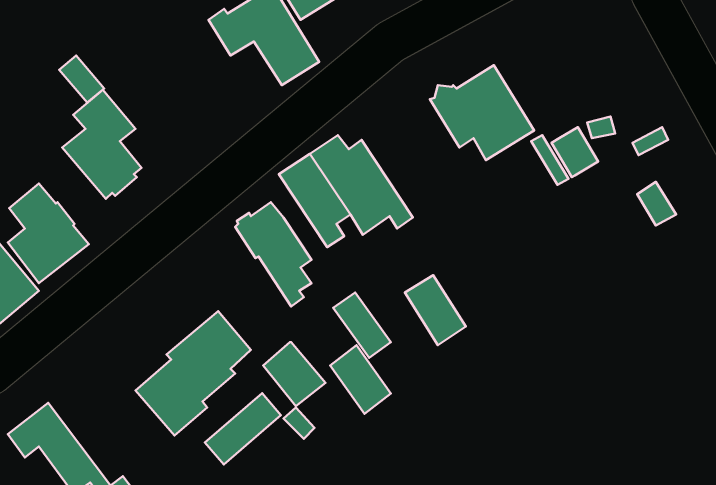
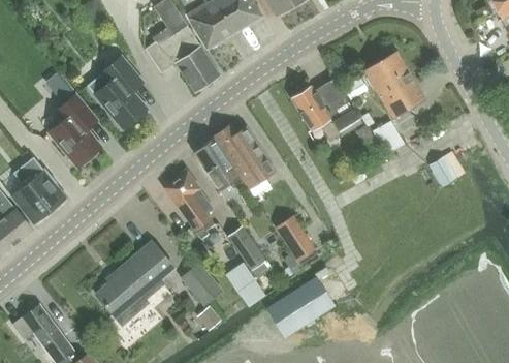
building: none -> [363,51,424,118]
building: none -> [87,57,147,129]
building: none -> [266,277,335,337]
building: [205,393,281,464] -> none

